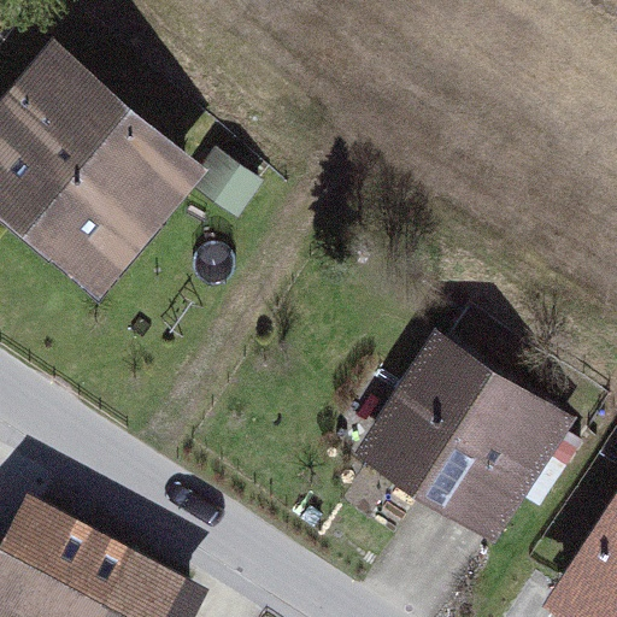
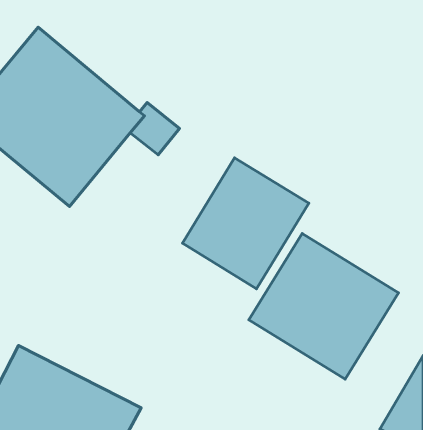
building: none -> [182,158,309,289]

